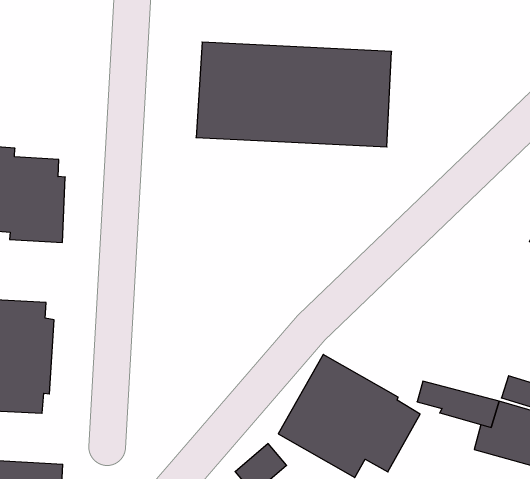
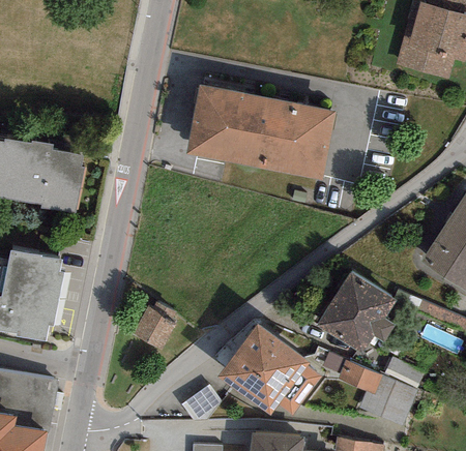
building: none -> [317,272,396,352]
building: none -> [129,298,180,351]

